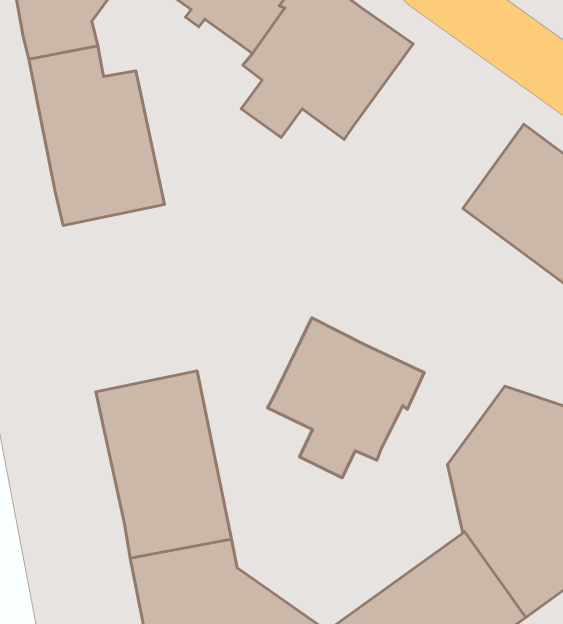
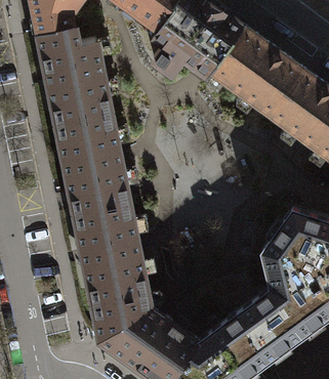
building: none -> [212,29,304,117]
building: none -> [57,115,129,215]
building: [268,318,424,478] -> none

